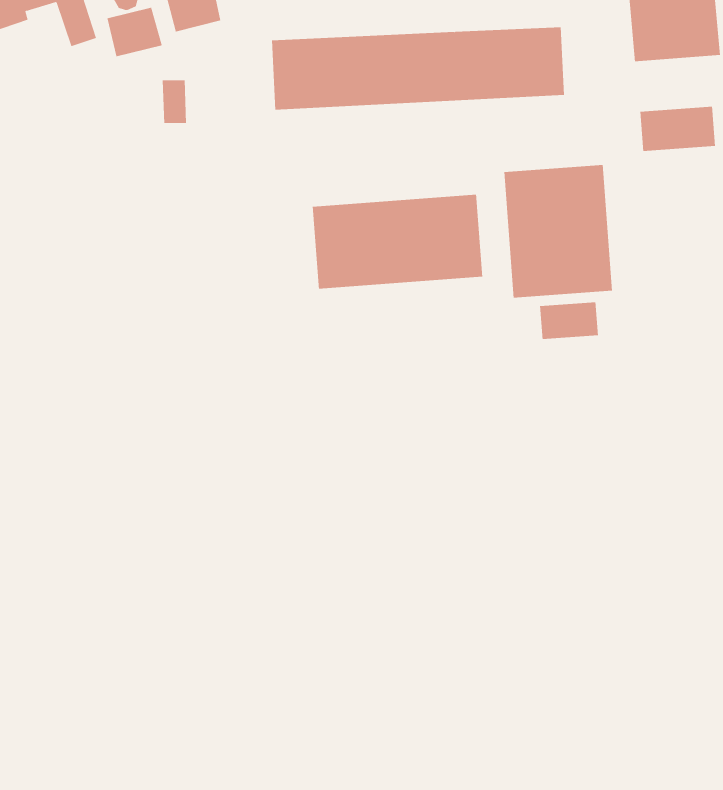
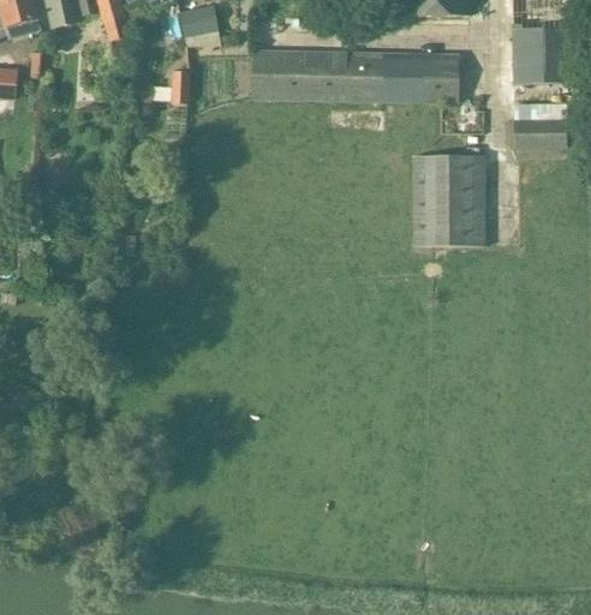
building: [107,7,163,57] -> none
building: [312,194,483,289] -> none
building: [540,301,598,340] -> none

